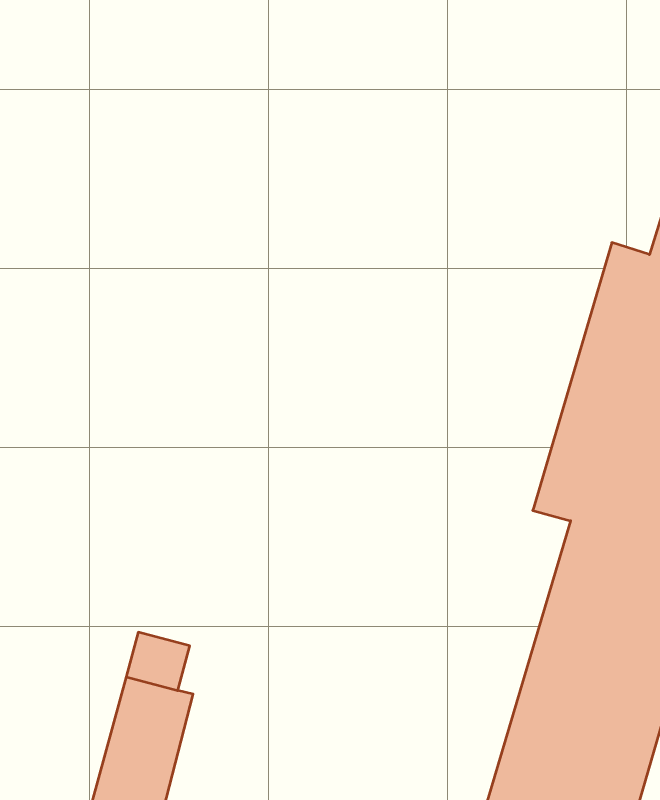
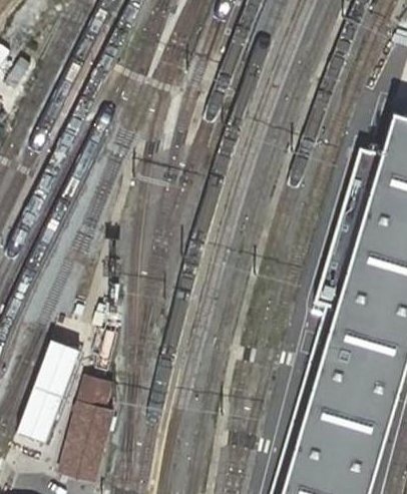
building: none -> [18,342,79,444]

